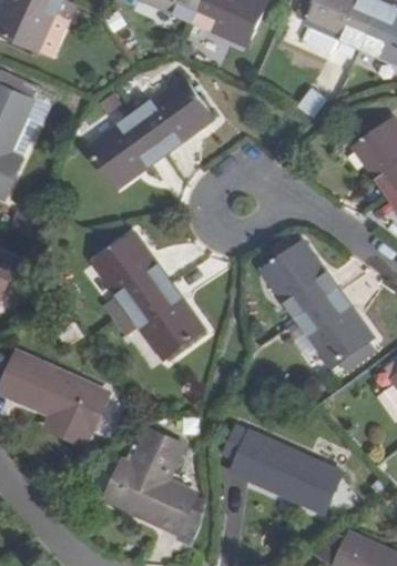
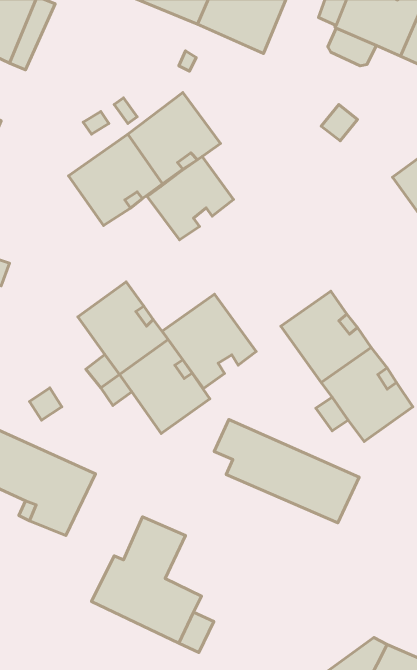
building: none -> [147,157,233,240]
building: none -> [162,294,256,389]
building: [223,426,343,512] -> [214,419,359,523]

